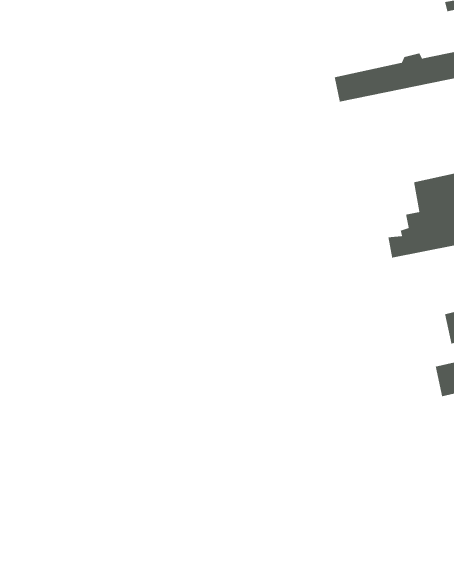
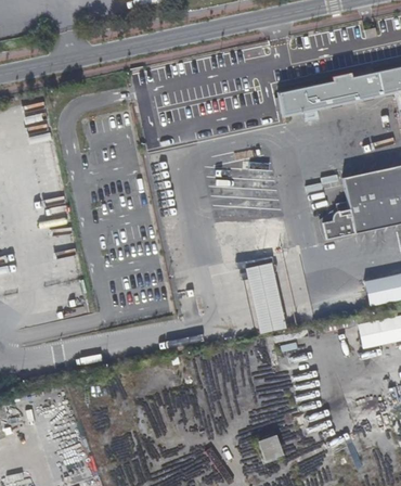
building: none -> [247,264,287,334]
building: none -> [258,433,285,462]

